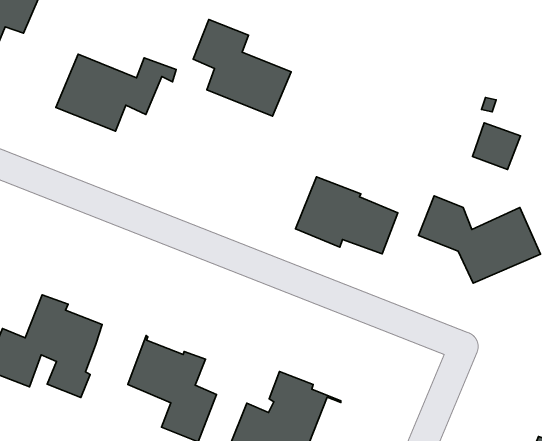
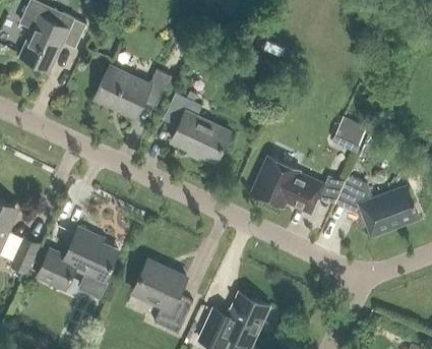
building: [193,20,291,116] -> [163,94,229,162]
building: [472,123,521,169] -> [331,120,365,153]

